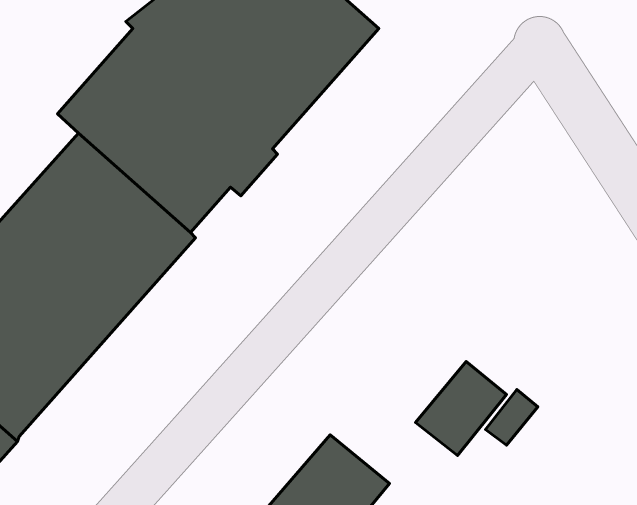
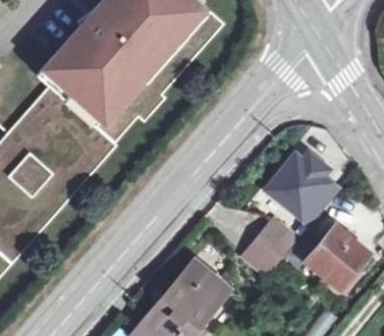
building: none -> [267,149,337,221]
building: none -> [306,225,368,288]

